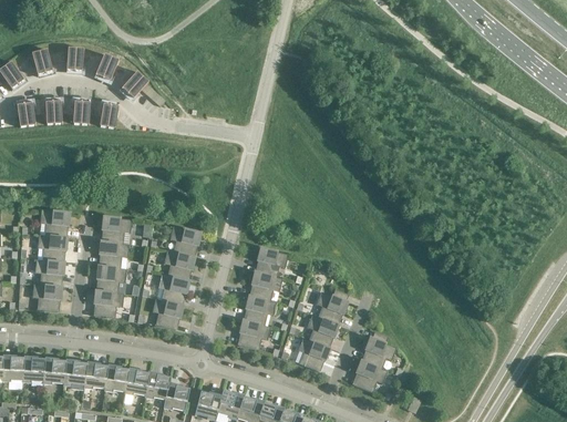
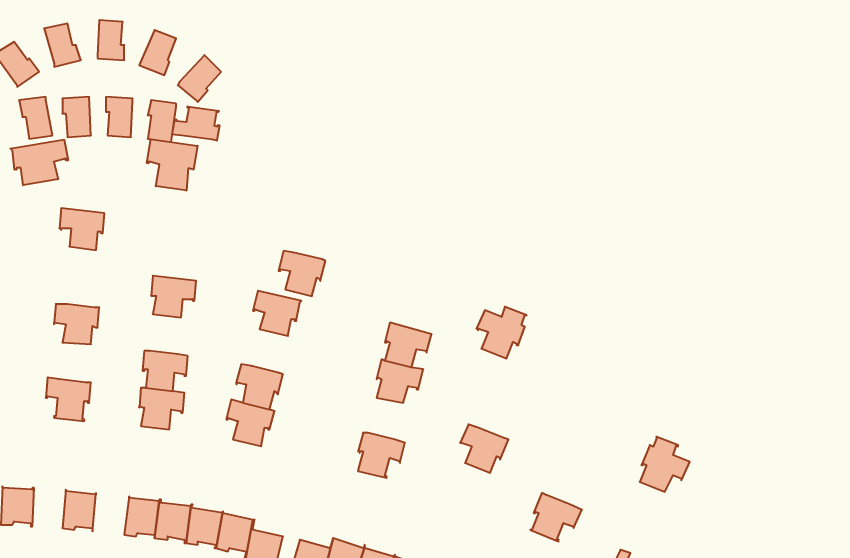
building: none -> [172,106,220,141]
building: none -> [147,139,198,191]
building: none -> [10,140,68,185]
building: [39,208,69,236] -> [59,208,104,250]
building: [97,240,128,267] -> none
building: [163,249,194,279] -> [279,251,325,296]
building: [33,258,64,286] -> none
building: [315,288,348,322] -> [476,307,527,359]
building: [244,295,276,323] -> none
building: [362,330,395,367] -> [640,437,690,492]
building: [297,337,329,370] -> none
building: [22,356,44,382] -> none
building: [62,359,86,387] -> none

